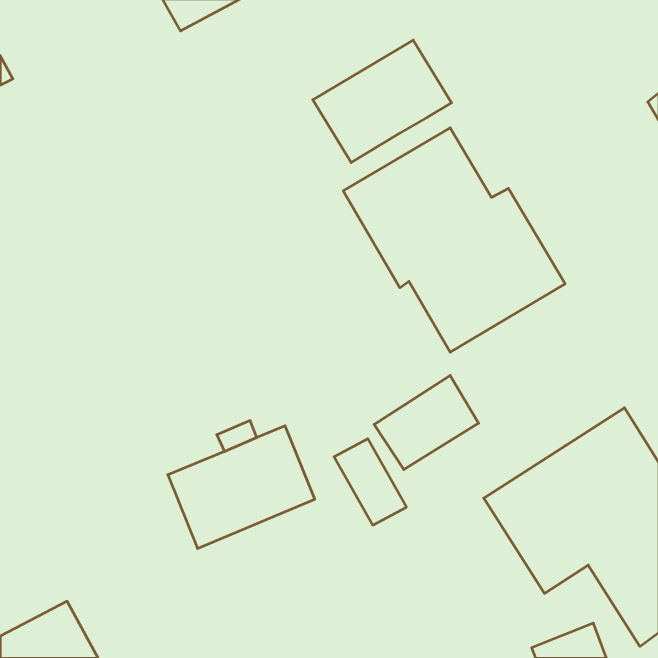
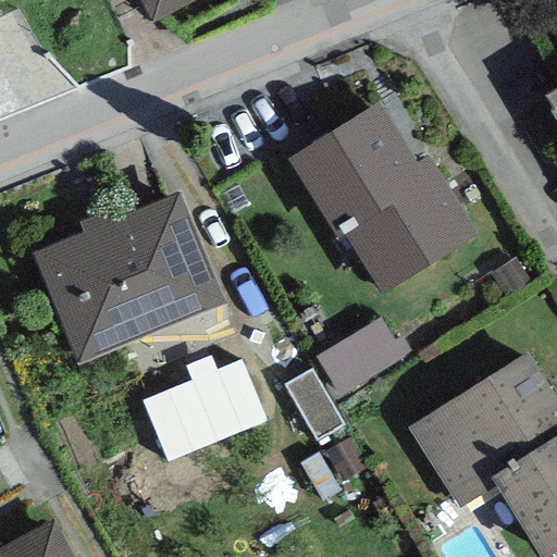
building: [313,40,452,163] -> none
building: none -> [33,189,226,361]

